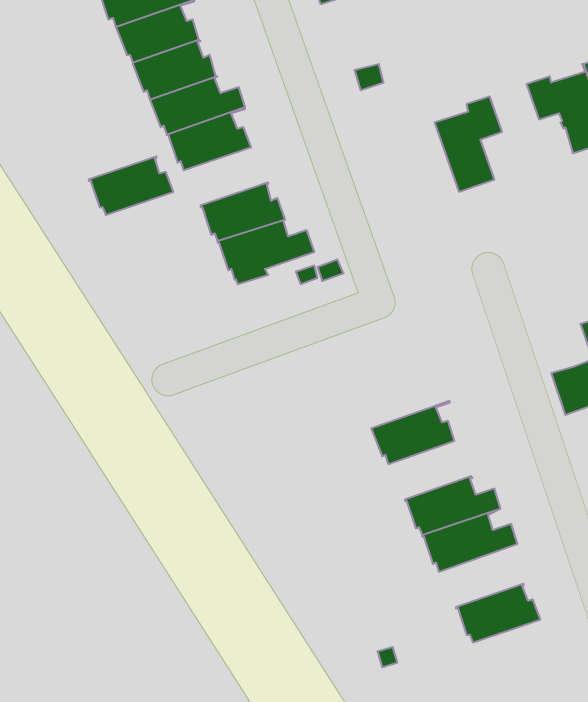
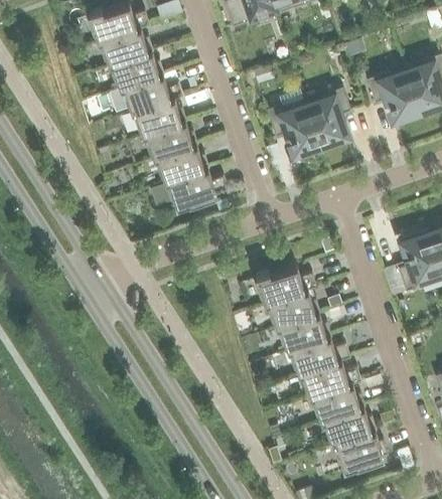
building: none -> [266,105,322,159]
building: [89,156,173,215] -> [142,121,197,159]
building: none -> [244,266,316,305]
building: none -> [276,313,330,351]
building: none -> [309,380,364,422]
building: none -> [331,430,388,473]

